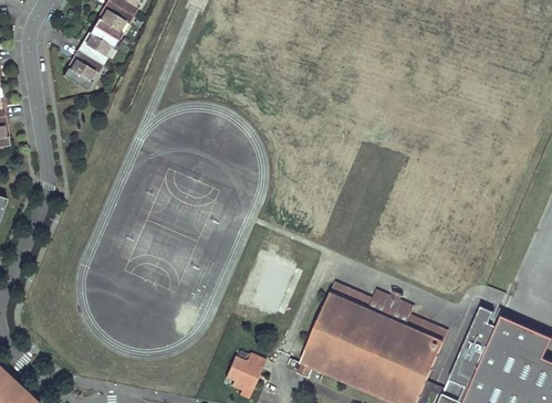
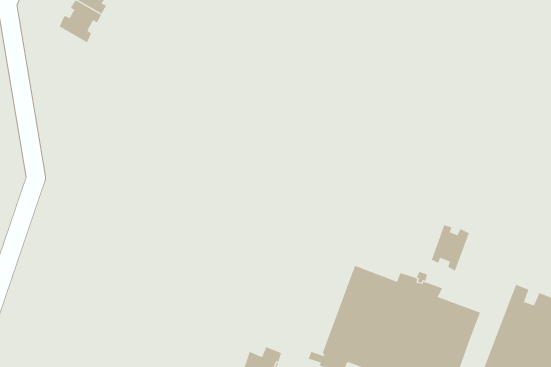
building: [63,50,103,91] -> none
building: none -> [431,224,469,272]

